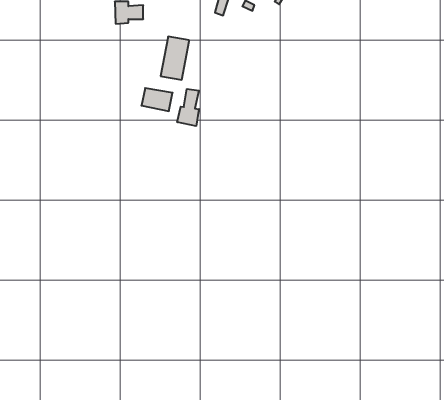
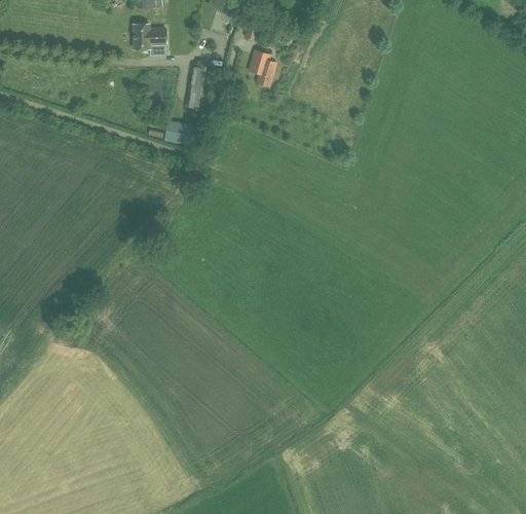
building: none -> [248,49,275,85]
building: [177,89,199,126] -> none

